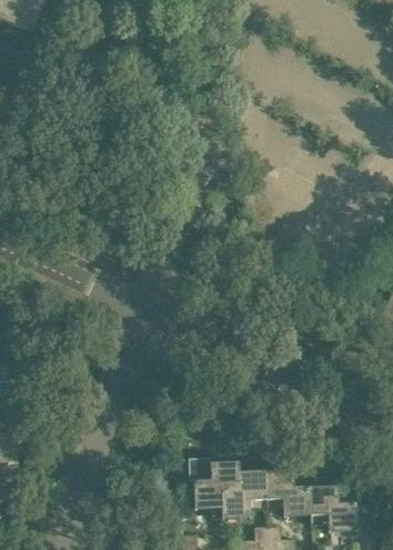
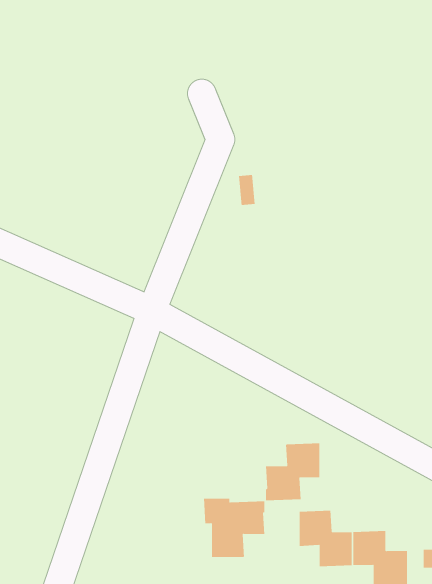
building: [224,470,270,518] -> [265,443,320,501]

